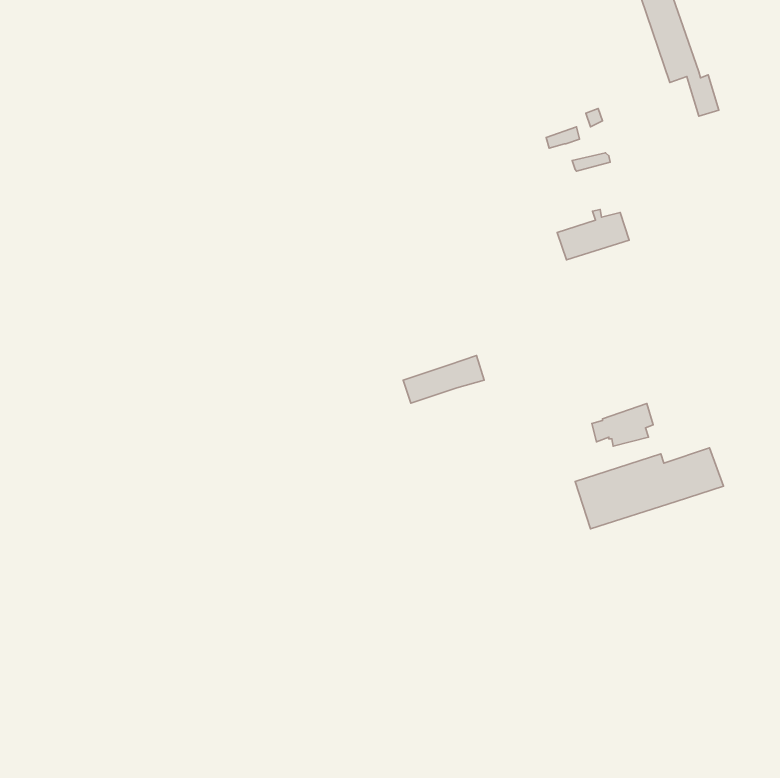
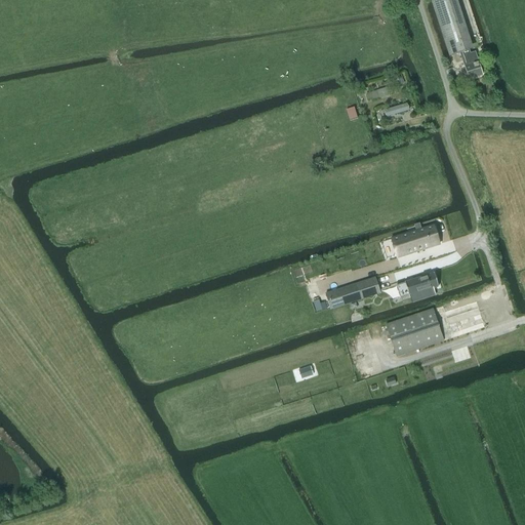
building: [557,209,629,260] -> [392,223,440,256]
building: [403,356,484,403] -> [326,276,380,308]

